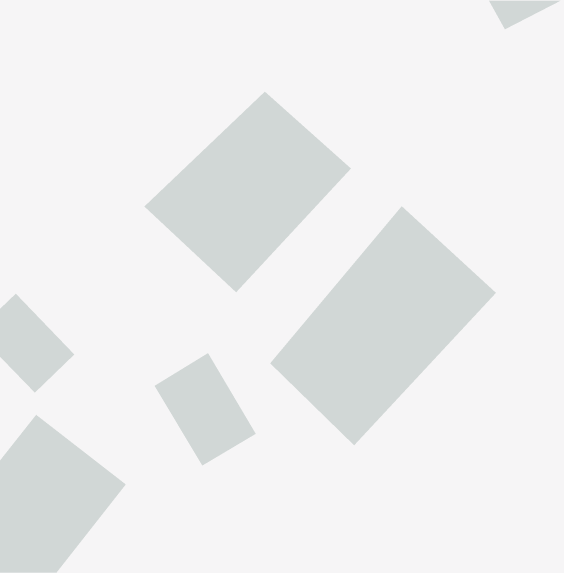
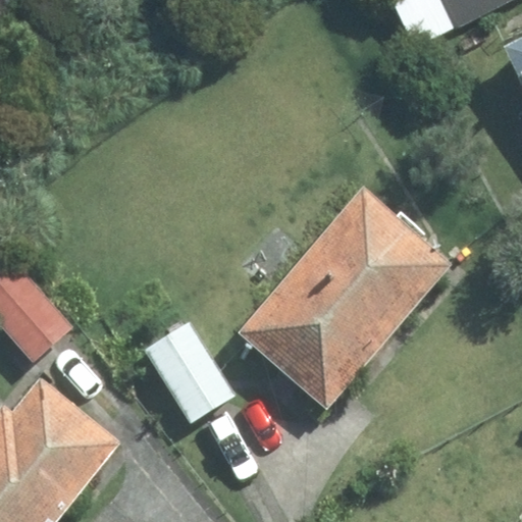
building: [144,91,352,293] -> none

